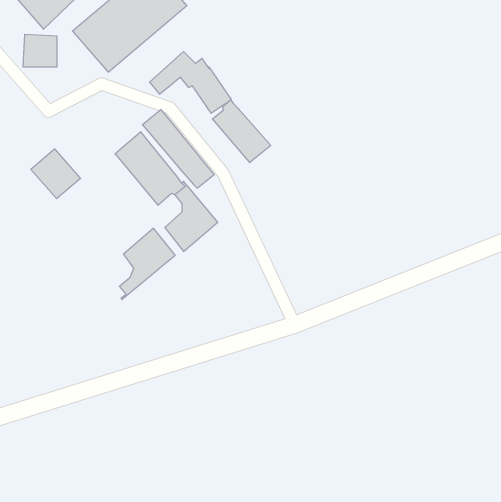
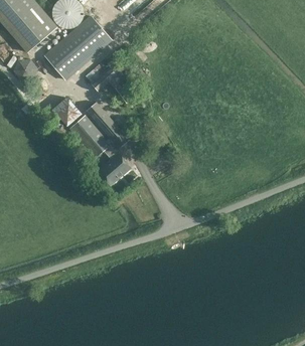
building: [212,100,271,163] -> none
building: [31,149,81,199] -> [51,99,81,128]
building: [119,228,175,300] -> none

